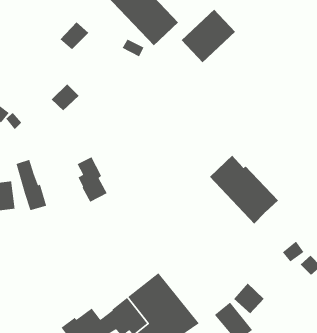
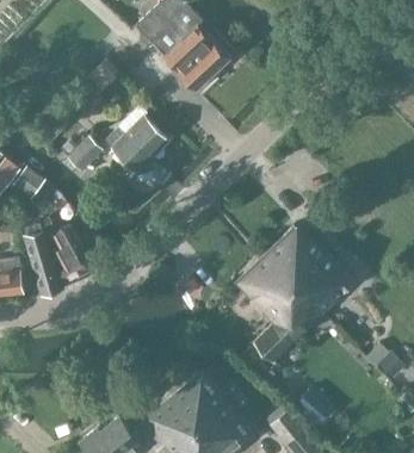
building: [181,9,236,63] -> none
building: none -> [104,106,167,173]
building: [76,156,108,203] -> [49,227,88,285]
building: none -> [234,254,321,362]

